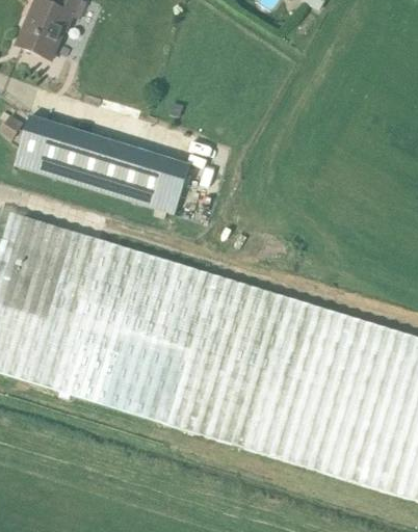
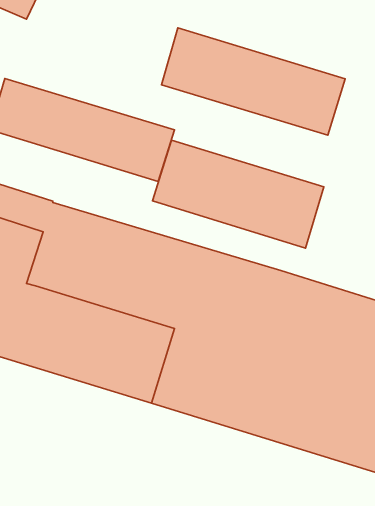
building: none -> [161,28,345,135]
building: none -> [152,140,324,248]

